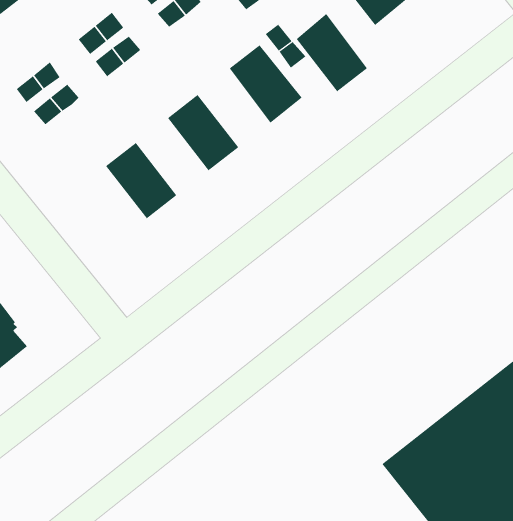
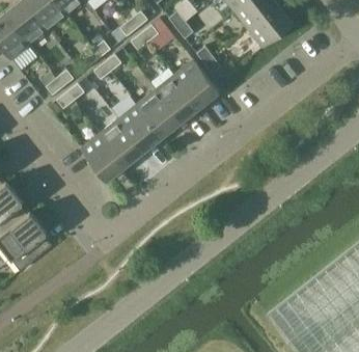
building: [296,13,368,92] -> [156,75,199,123]
building: none -> [118,105,162,152]
building: none -> [80,134,125,182]

